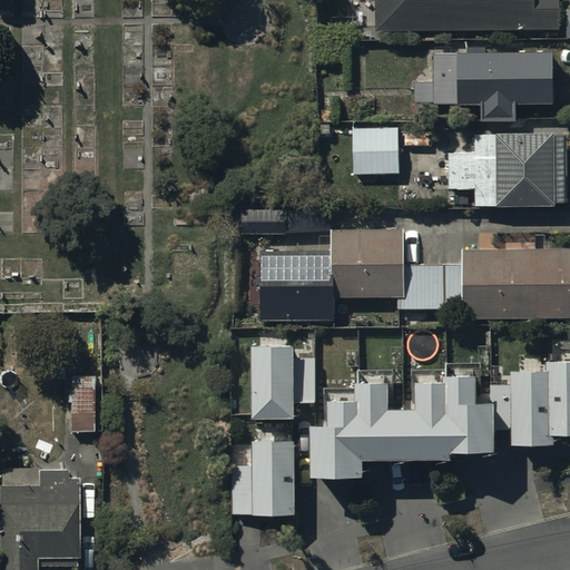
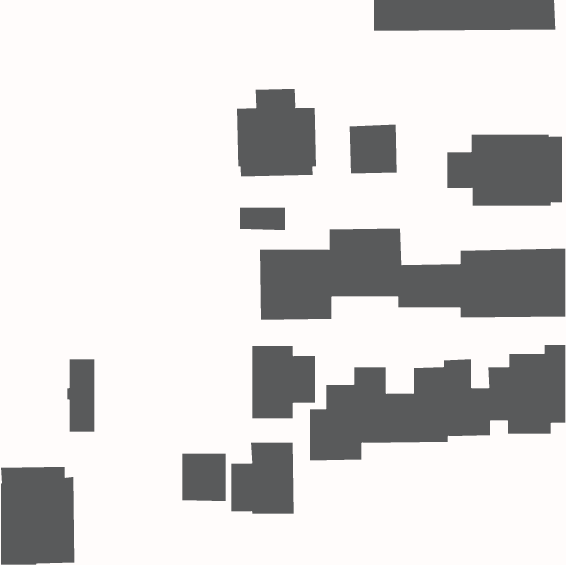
building: [414,46,553,124] -> none
building: none -> [236,88,316,177]
building: none -> [182,453,226,502]

